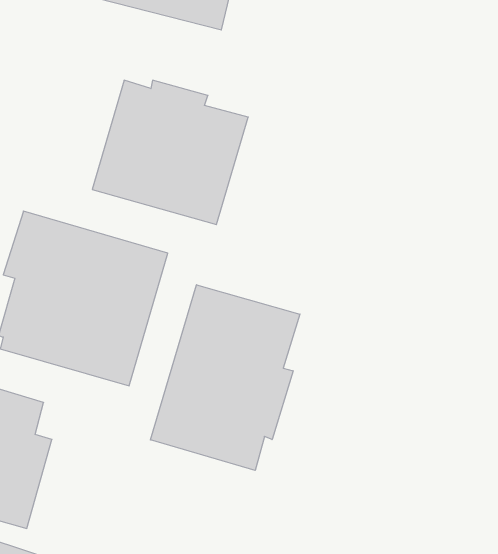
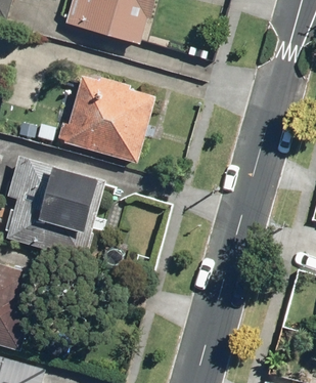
building: [150,285,300,470] -> none

